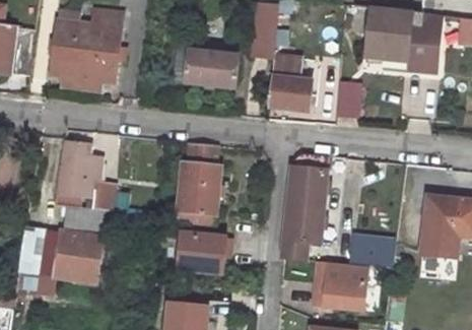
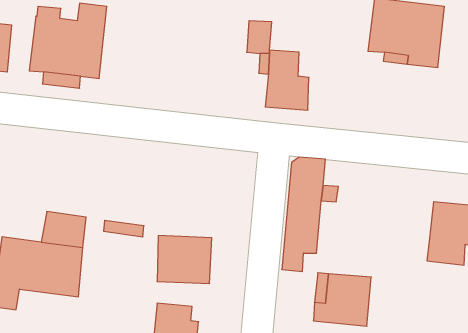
building: [186,42,238,88] -> none
building: [336,78,362,117] -> none
building: [54,143,115,211] -> none
building: [178,144,221,225] -> none
building: [350,235,394,265] -> none

